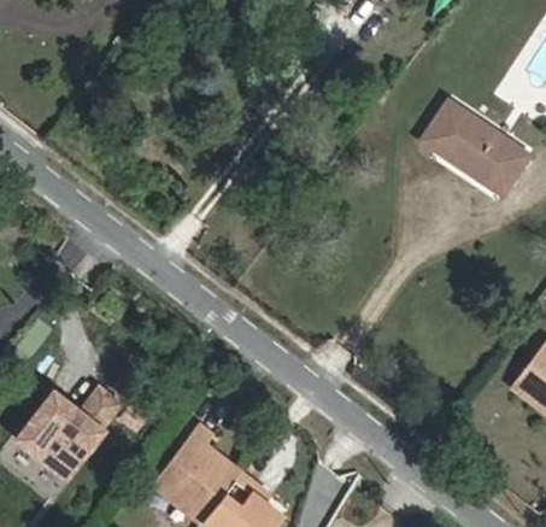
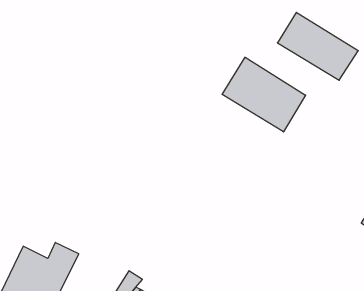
building: none -> [222,57,306,132]

